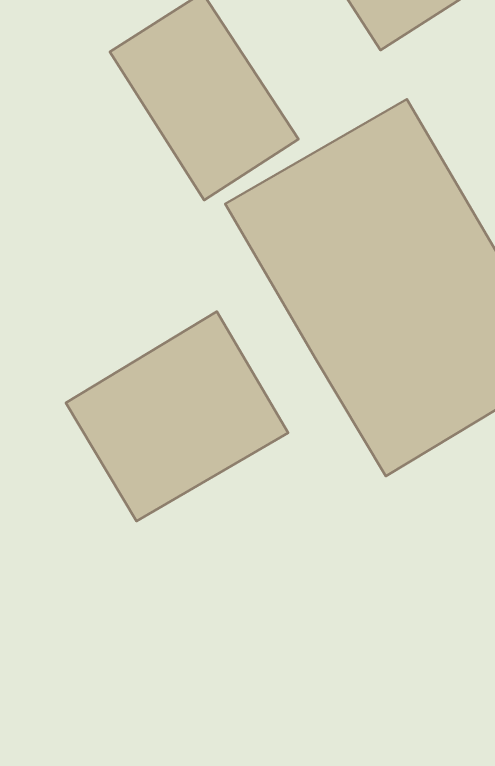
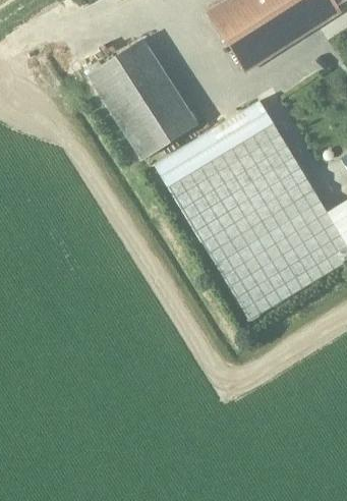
building: [66,312,288,521] -> none

